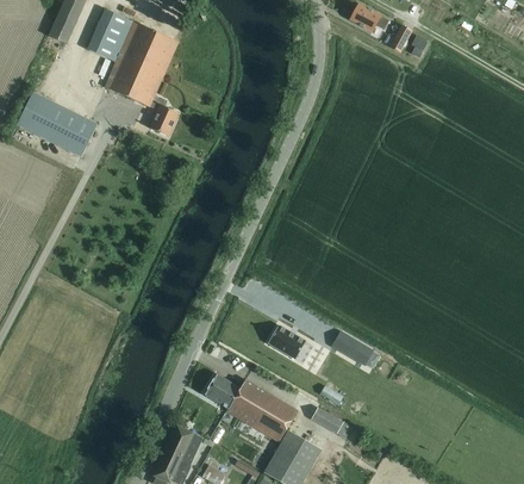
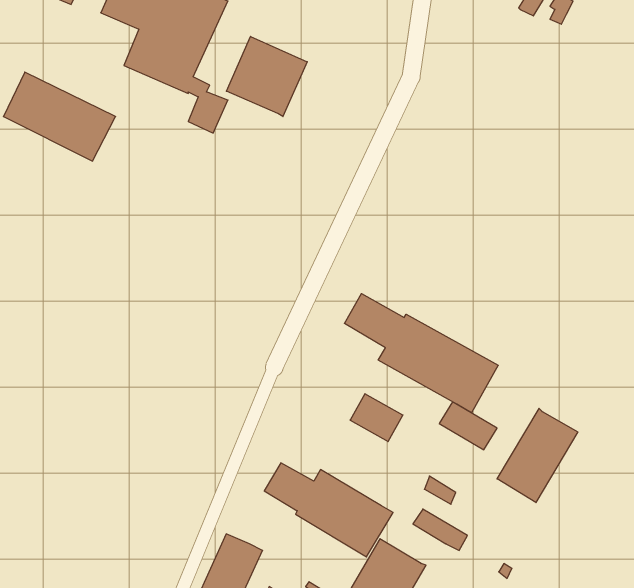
building: none -> [226,36,307,117]
building: none -> [344,294,498,413]
building: none -> [497,408,578,503]

